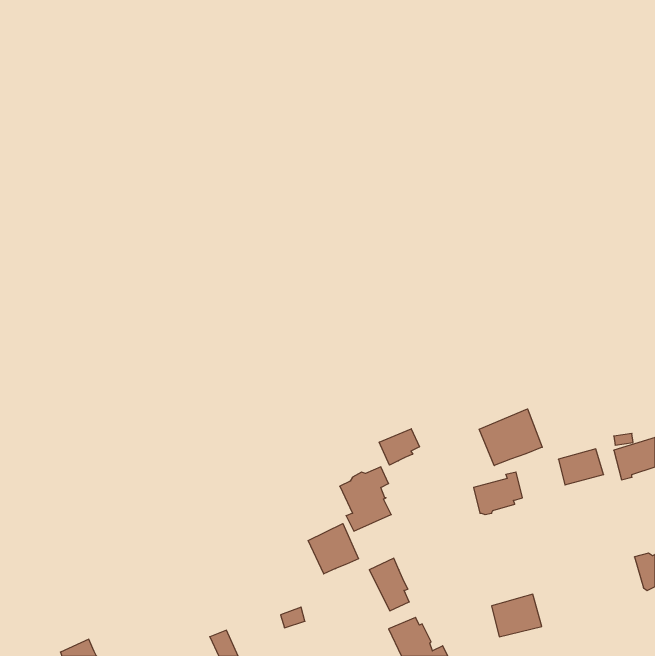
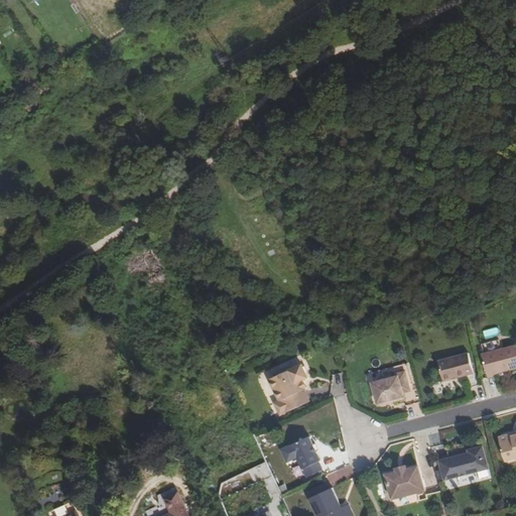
building: [479,409,542,466] -> none
building: [379,429,419,465] -> none
building: [308,524,358,574] -> none
building: none -> [438,445,488,480]

